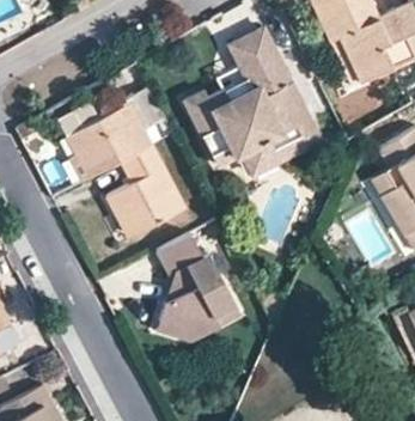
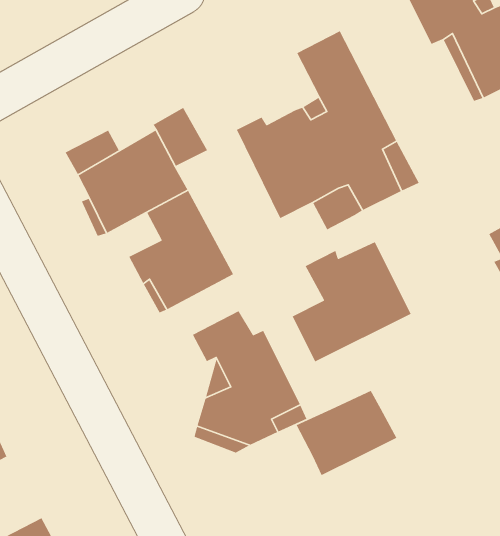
building: none -> [292,241,412,363]
building: none -> [296,390,397,476]

